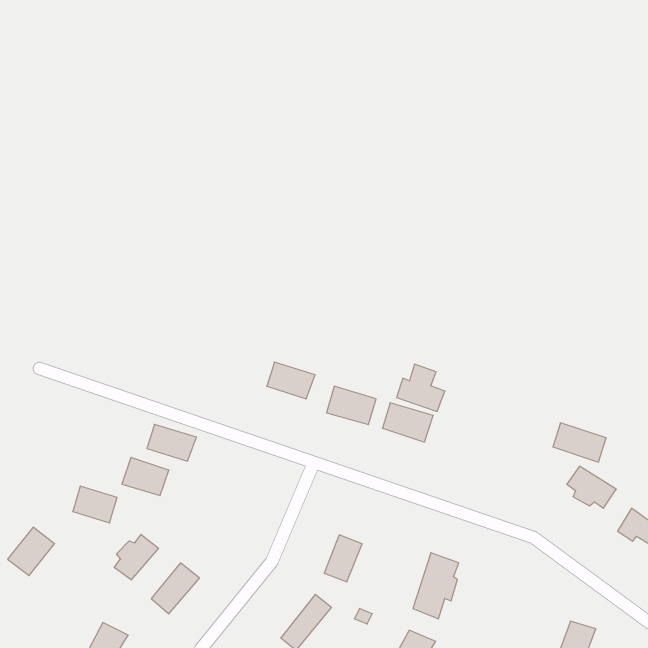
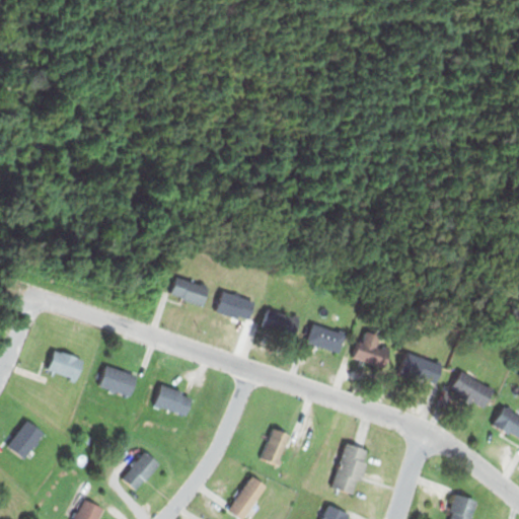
building: none -> [170,276,207,306]
building: [397,364,445,411] -> [352,329,390,367]
building: [553,423,606,462] -> [398,353,441,384]
building: [147,424,196,461] -> [154,386,194,416]
building: [73,486,117,523] -> [48,350,83,379]
building: [114,534,158,580] -> none

